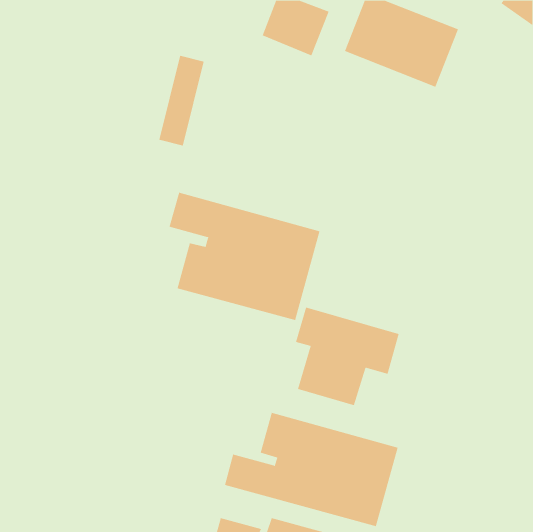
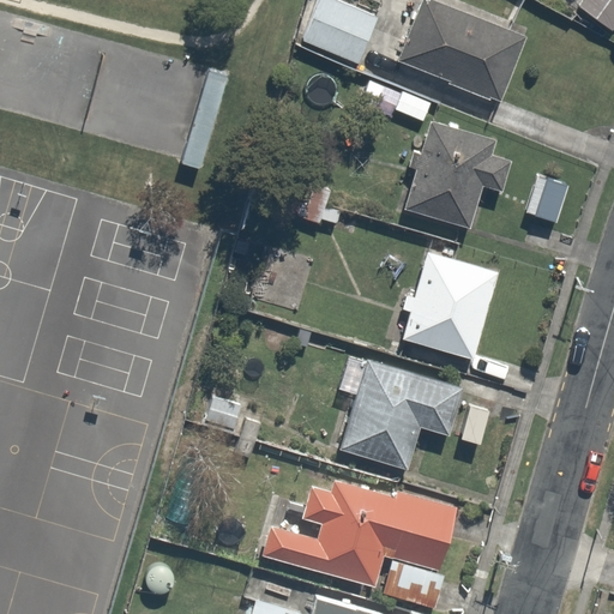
building: none -> [407,126,513,228]
building: [169,192,320,321] -> none
building: none -> [403,253,498,360]

